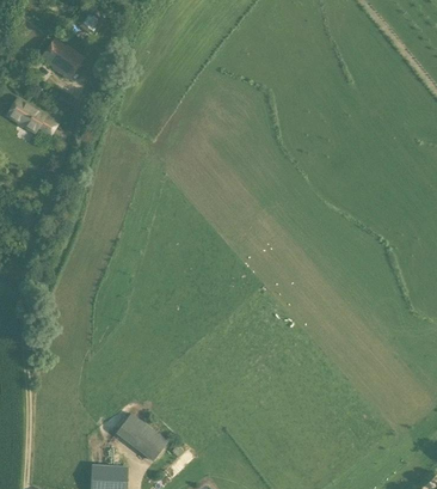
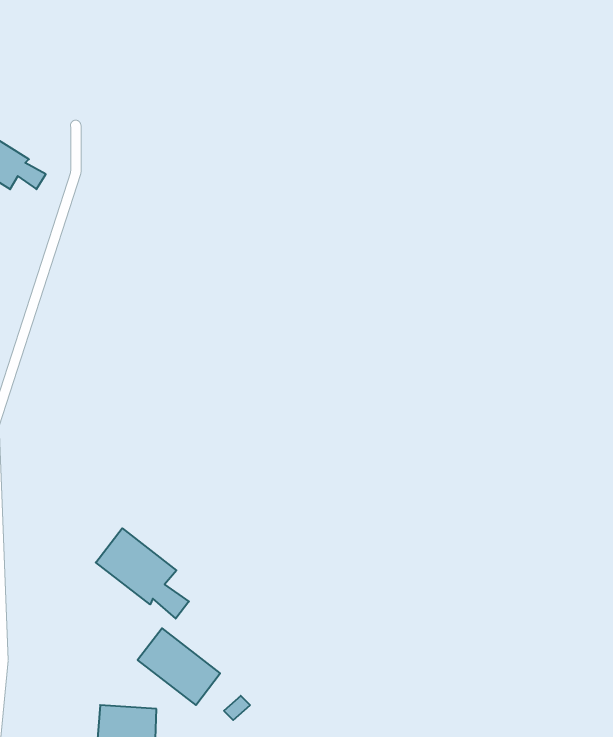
building: [41,37,85,80] -> none
building: none -> [96,528,189,619]

